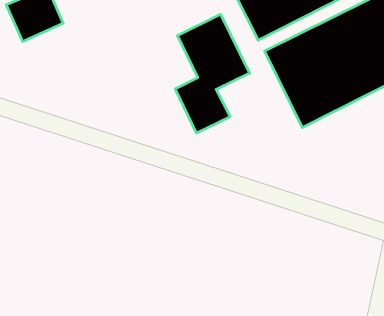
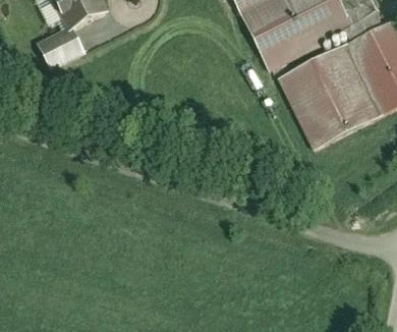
building: [175,14,250,133] -> none

